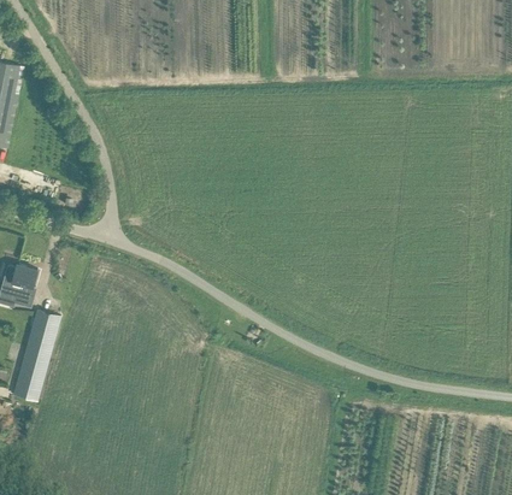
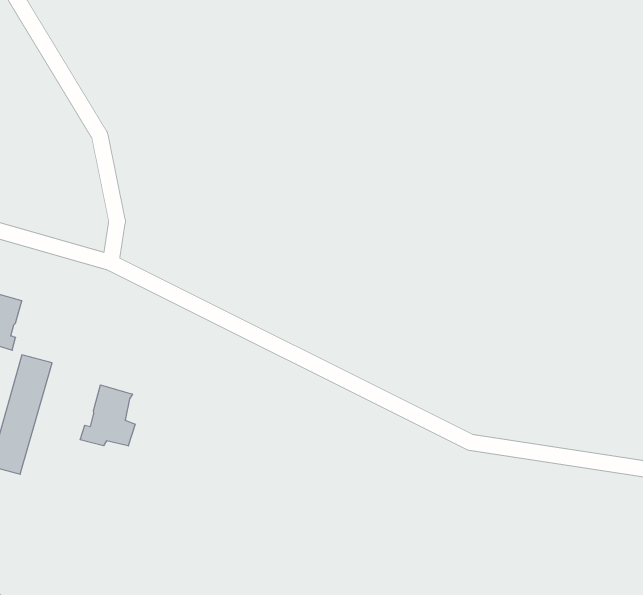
building: none -> [80,385,135,446]

